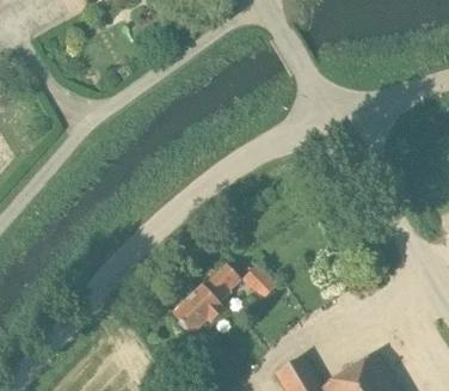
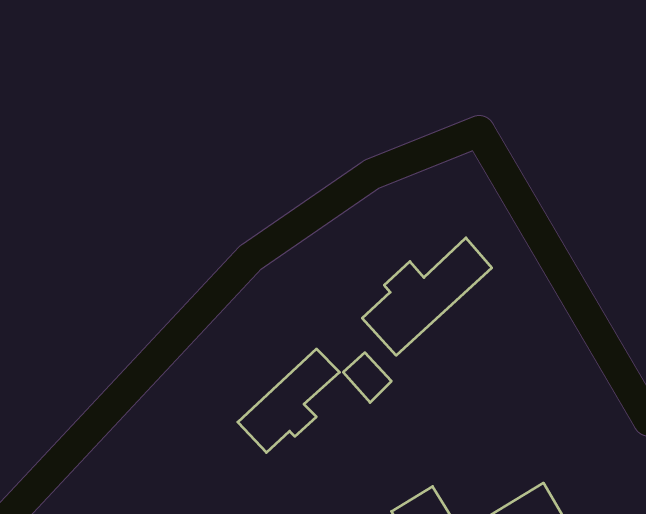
building: none -> [362,238,492,355]

